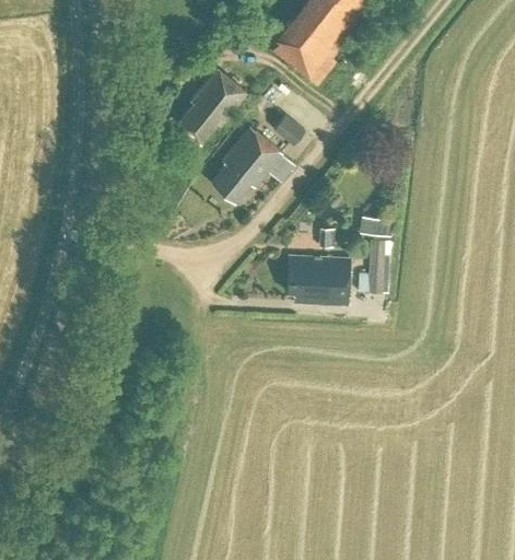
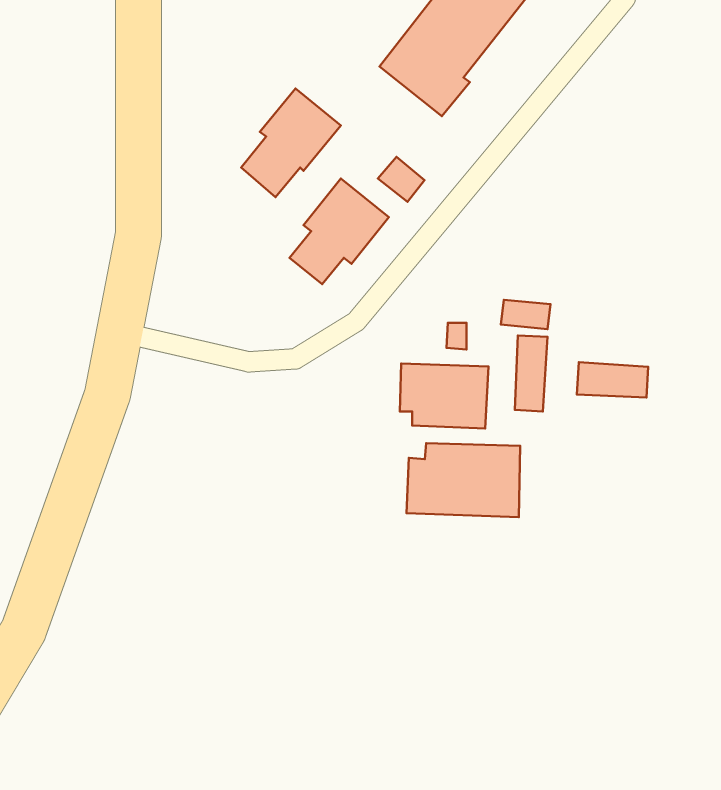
building: none -> [577,362,648,398]
building: none -> [407,443,520,517]

